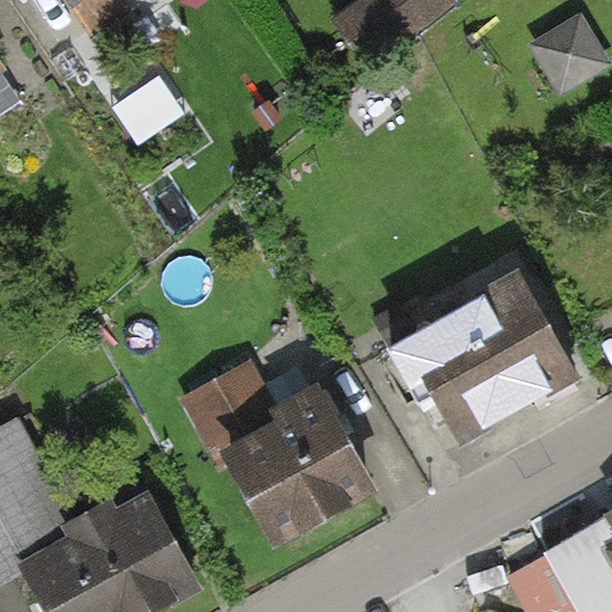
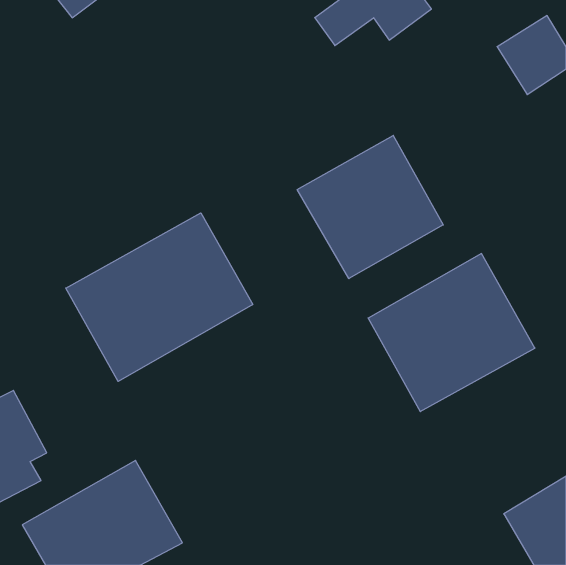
building: none -> [297,135,443,279]
building: none -> [66,213,253,381]
building: [183,354,373,547] -> none

